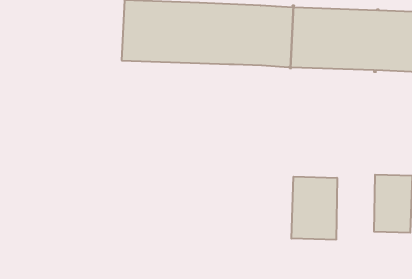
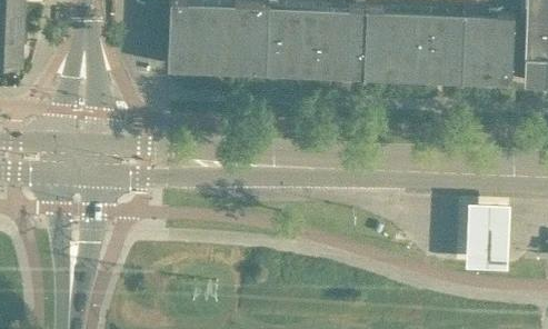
building: [291,177,337,240] -> none

